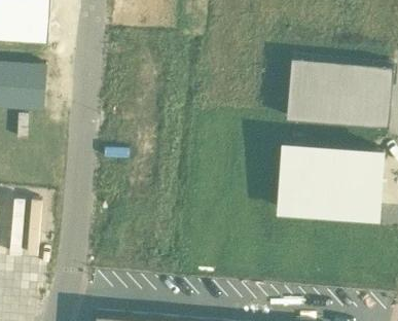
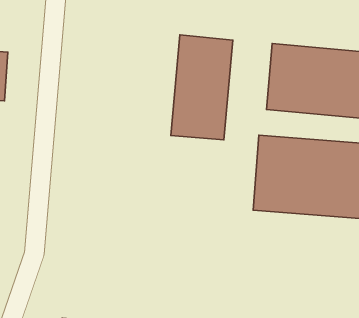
building: none -> [171,35,233,140]

